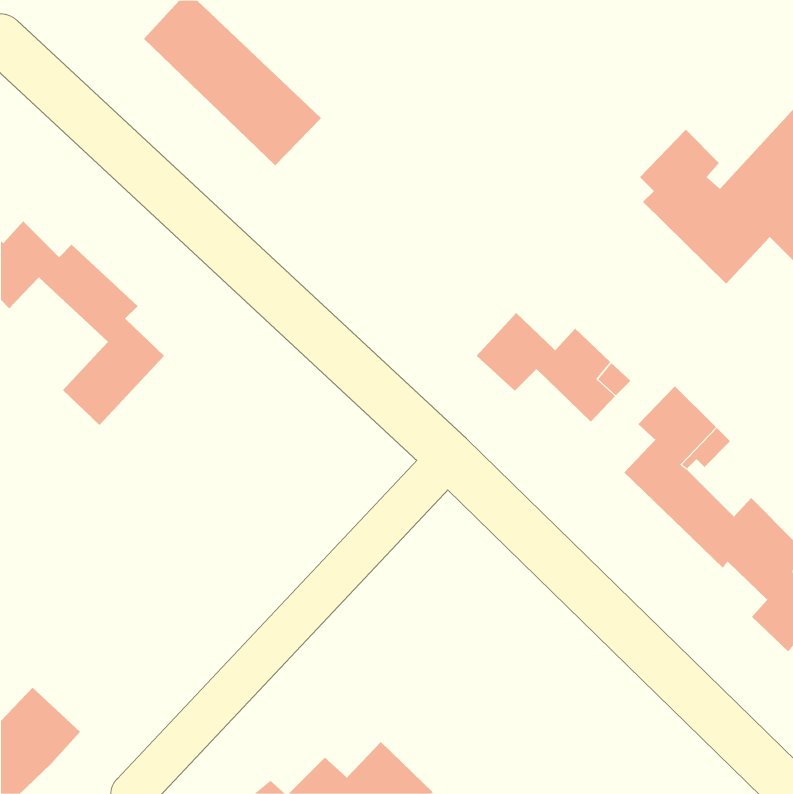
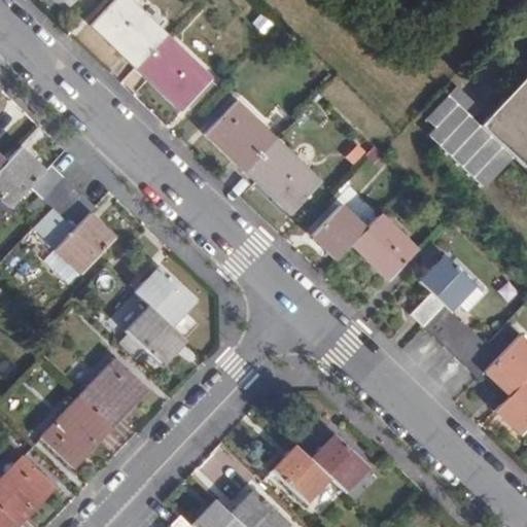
building: none -> [209,103,322,213]
building: none -> [118,265,190,360]
building: none -> [41,356,147,465]
building: none -> [271,435,366,501]

